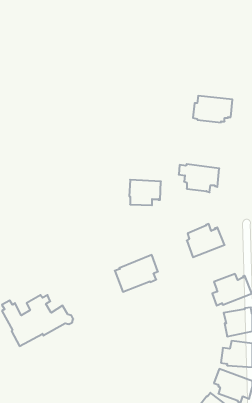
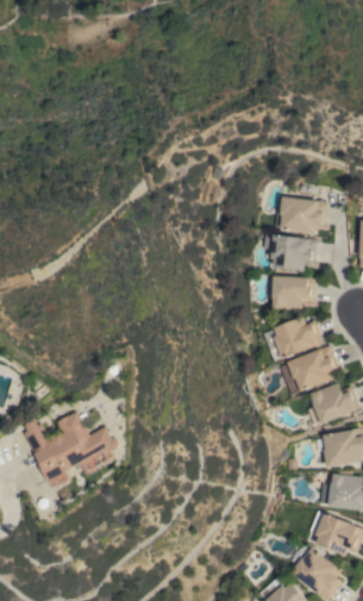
building: [193,96,232,122] -> [274,198,327,233]
building: [129,180,161,205] -> [271,276,314,311]
building: [115,255,158,292] -> [280,345,338,395]

